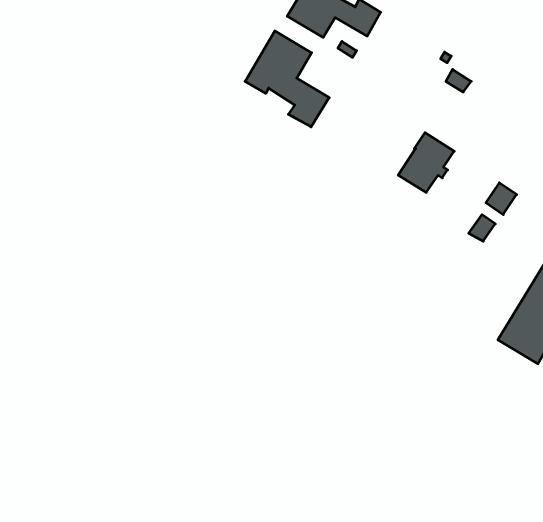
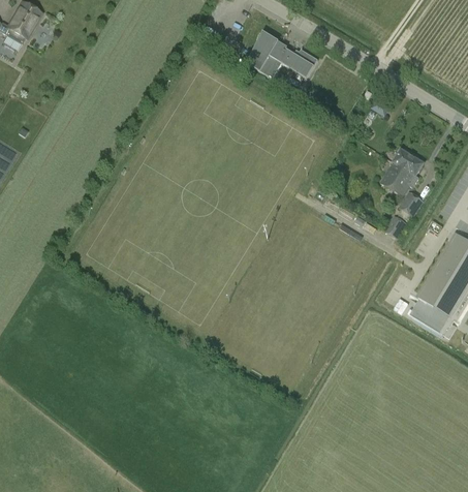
building: [245,31,329,127] -> none
building: [398,133,454,192] -> [380,148,424,194]

